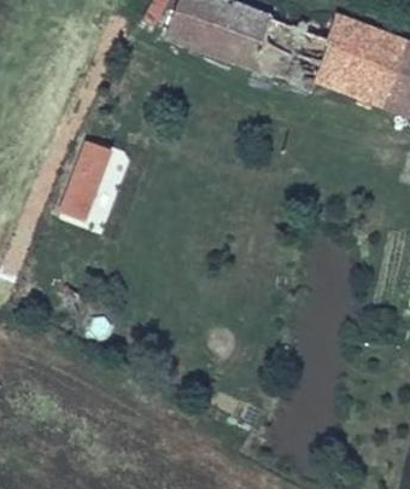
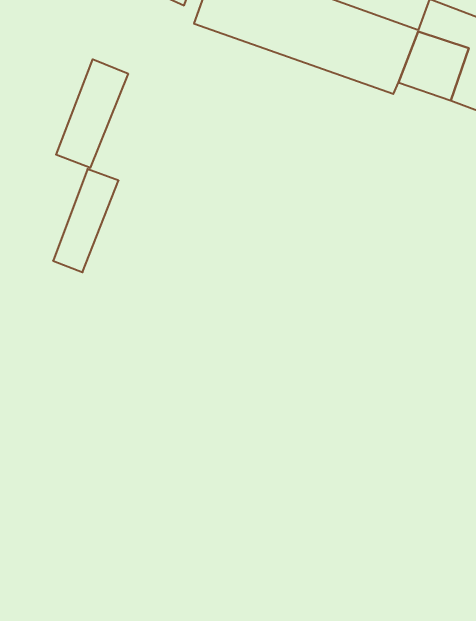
building: none -> [56,59,128,168]

